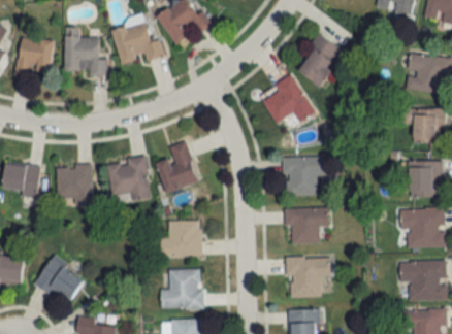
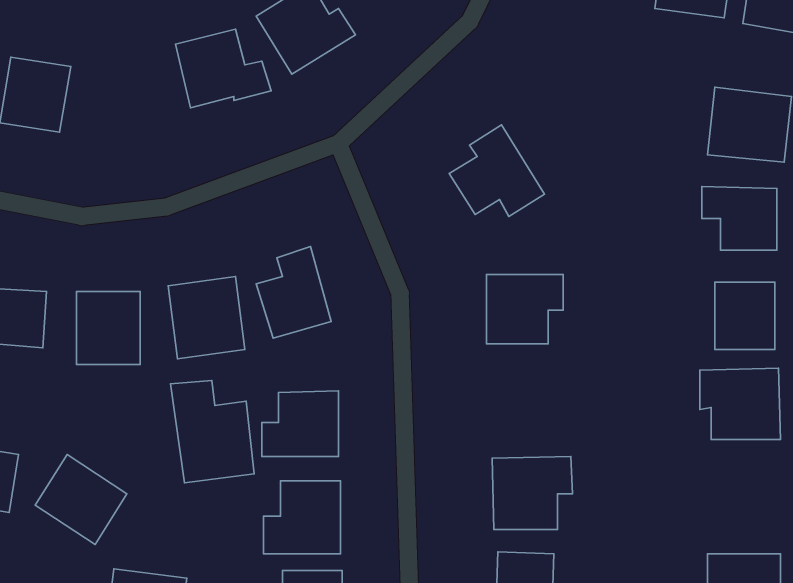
building: [295,34,346,86] -> none
building: [64,35,106,75] -> none
building: [284,207,328,243] -> none
building: none -> [171,380,254,483]
building: [399,260,446,300] -> none

